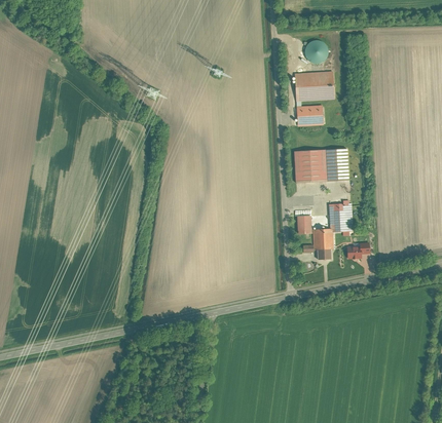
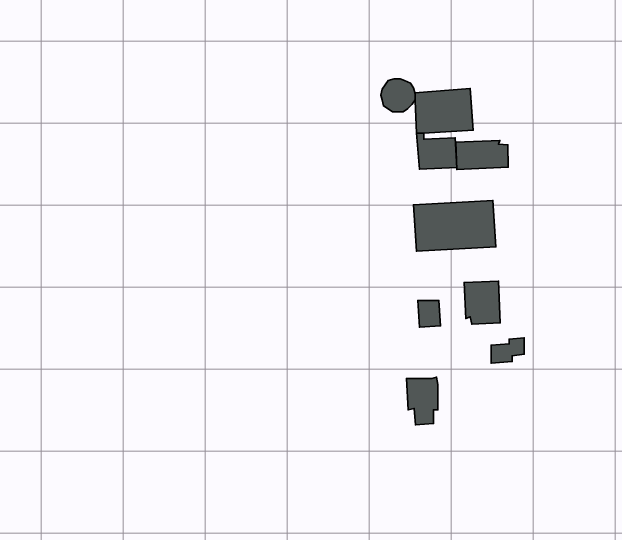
building: [303,41,327,64] -> [381,79,415,112]
building: none -> [456,140,508,169]
building: [311,228,333,261] -> [407,377,438,425]

